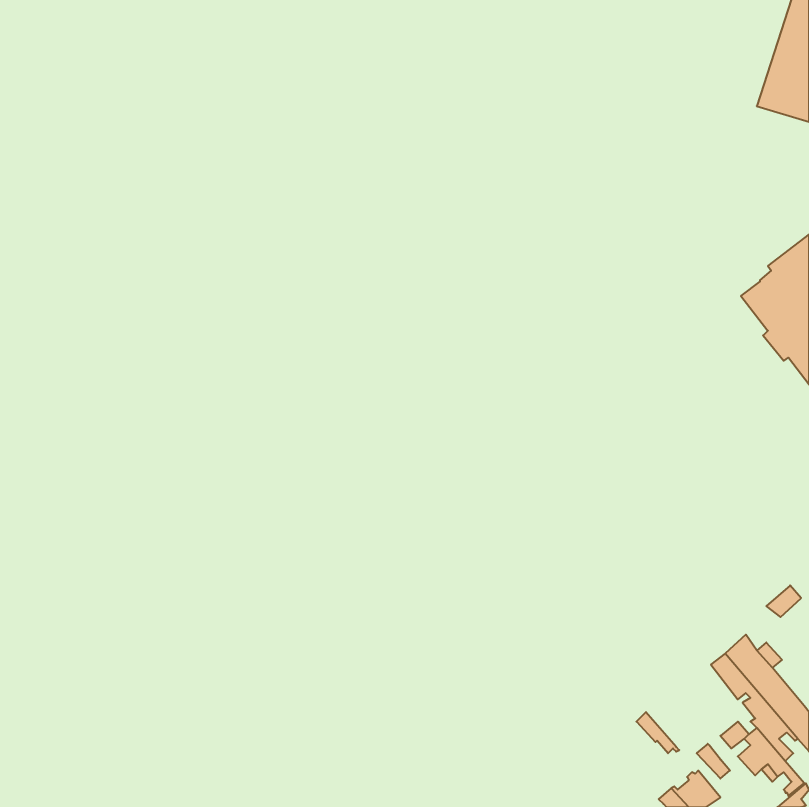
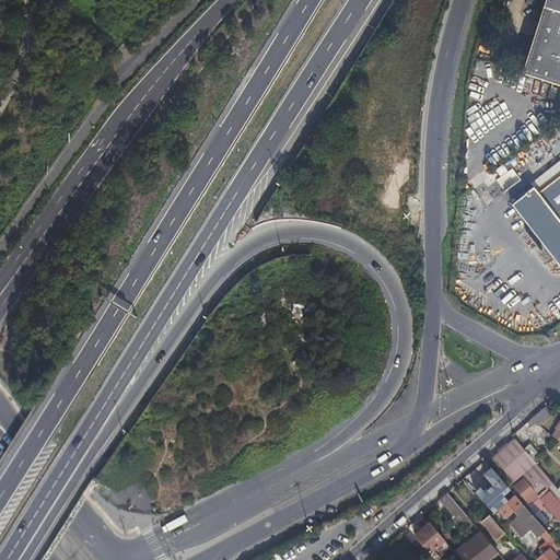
building: none -> [482,468,510,511]
building: none -> [415,523,450,552]

